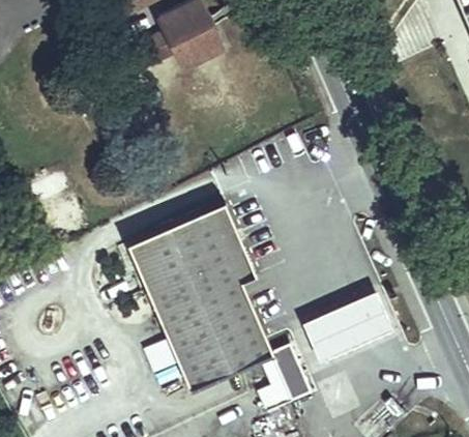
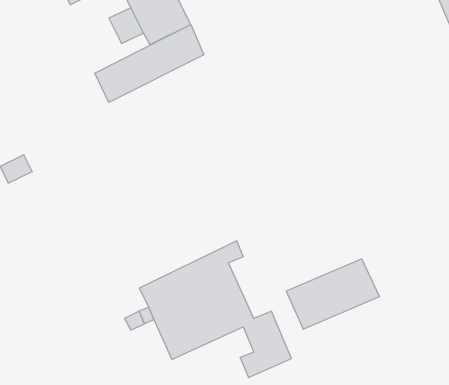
building: none -> [95,25,204,102]
building: [126,199,257,319] -> none

